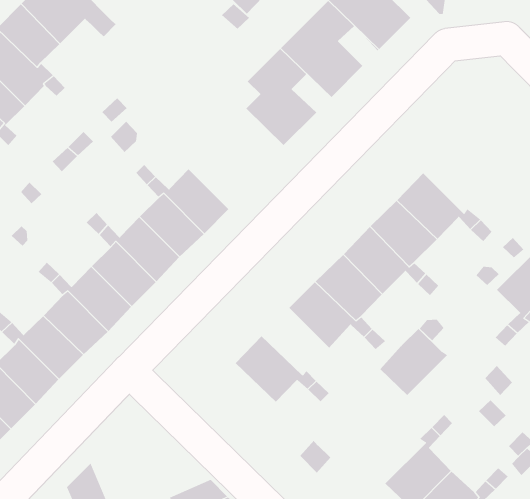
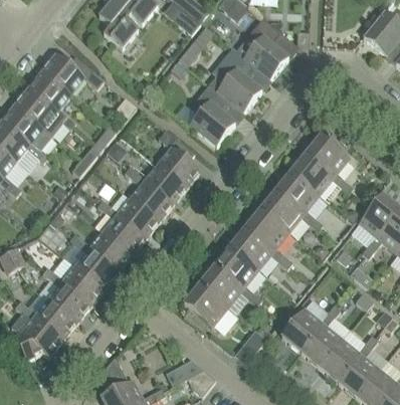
building: none -> [158,130,200,189]
building: none -> [306,135,349,177]
building: none -> [214,247,257,288]
building: [379,328,448,396] -> [281,309,324,352]
building: none -> [183,285,227,328]

